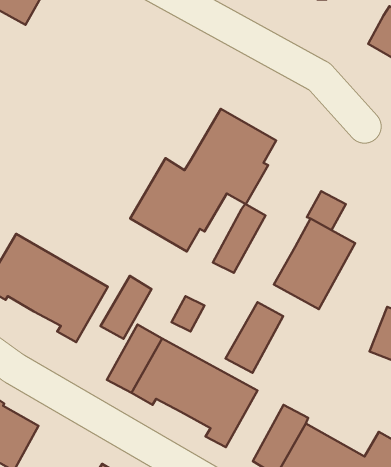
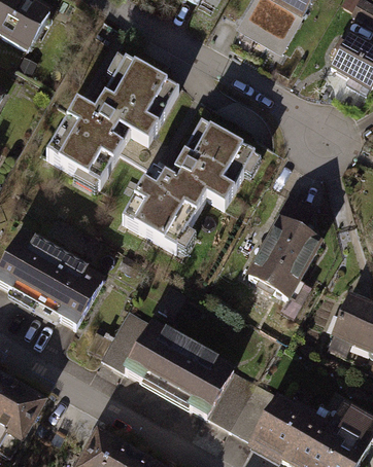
building: none -> [49,58,182,184]
building: [213,204,265,273] -> none
building: [101,276,152,339] -> none
building: [226,302,283,373] -> [205,368,256,430]

